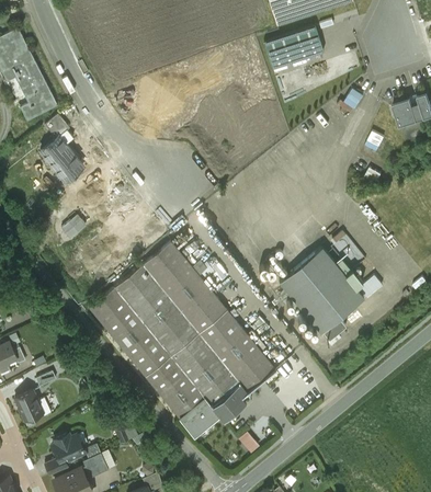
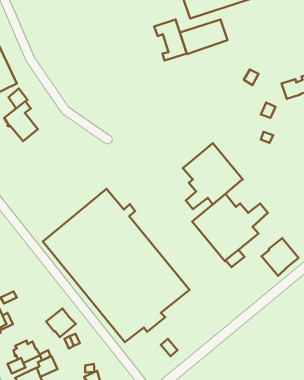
building: none -> [154,19,187,61]
building: none -> [183,143,243,209]
building: none -> [262,238,299,276]
building: none -> [46,308,76,337]

